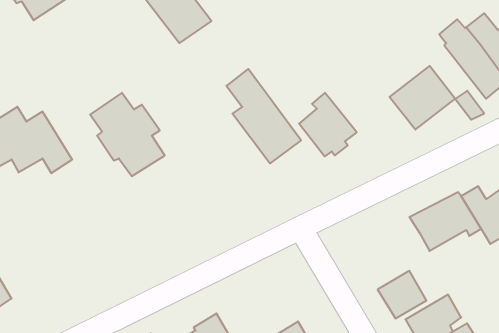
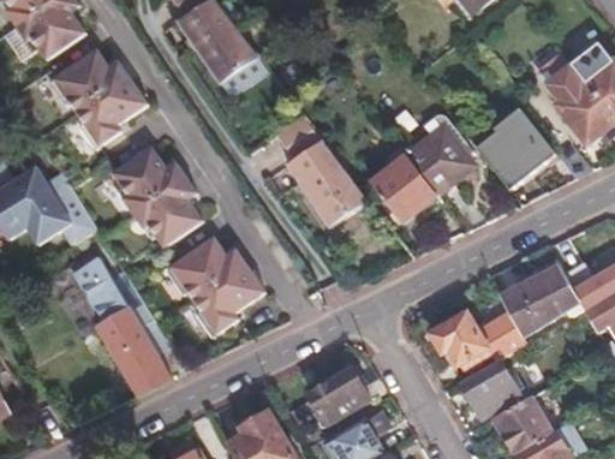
building: none -> [52,48,150,147]
building: none -> [402,114,472,193]
building: none -> [165,236,264,335]
building: none -> [70,260,168,394]
building: none -> [430,315,527,370]
building: none -> [308,371,364,424]

